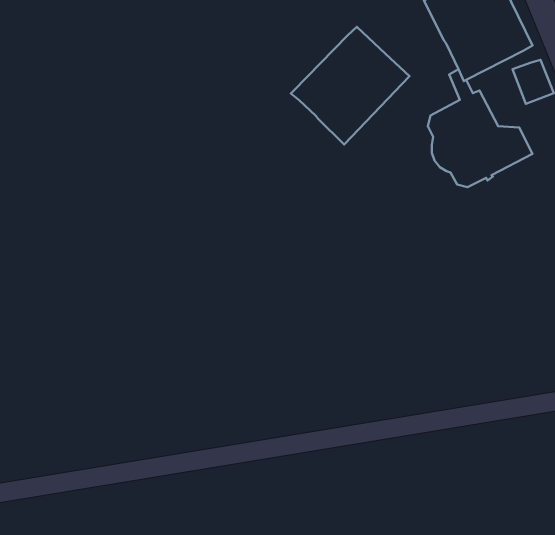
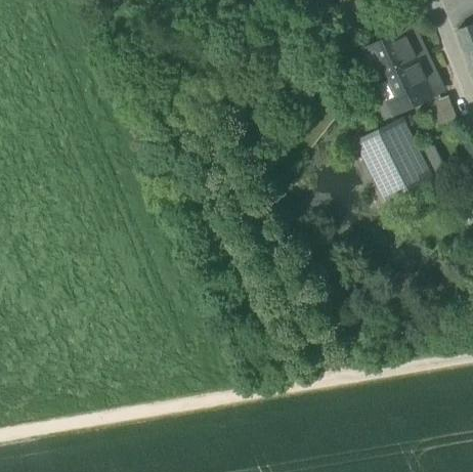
building: [291,27,409,144] -> none

